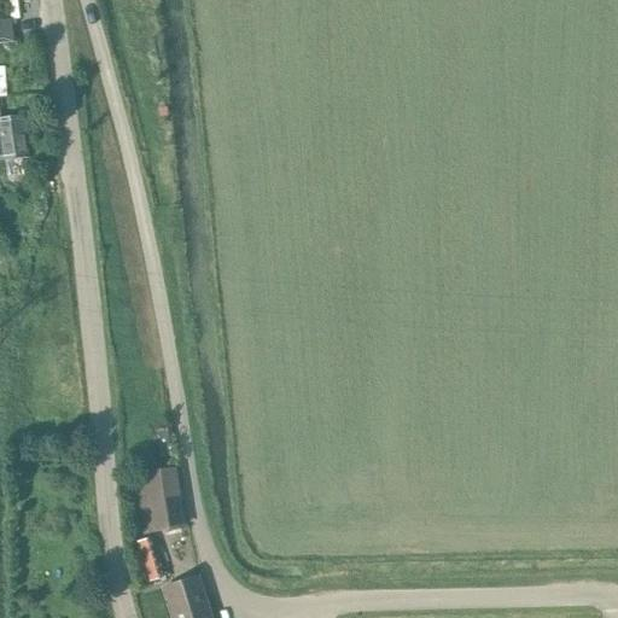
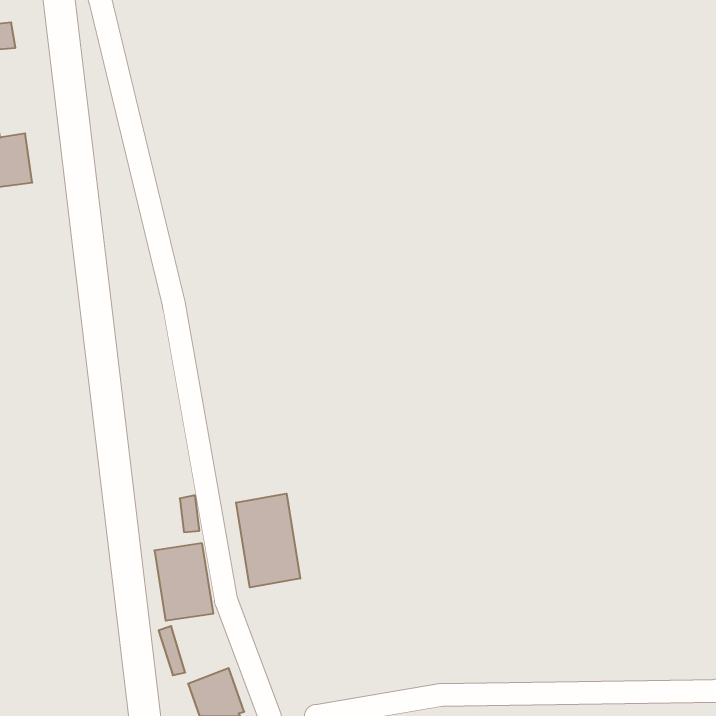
building: none -> [236,494,300,587]

